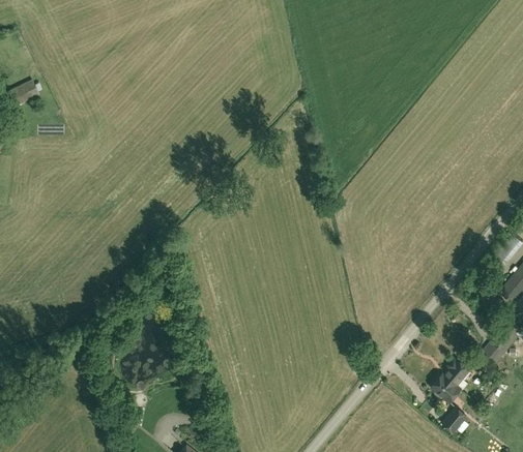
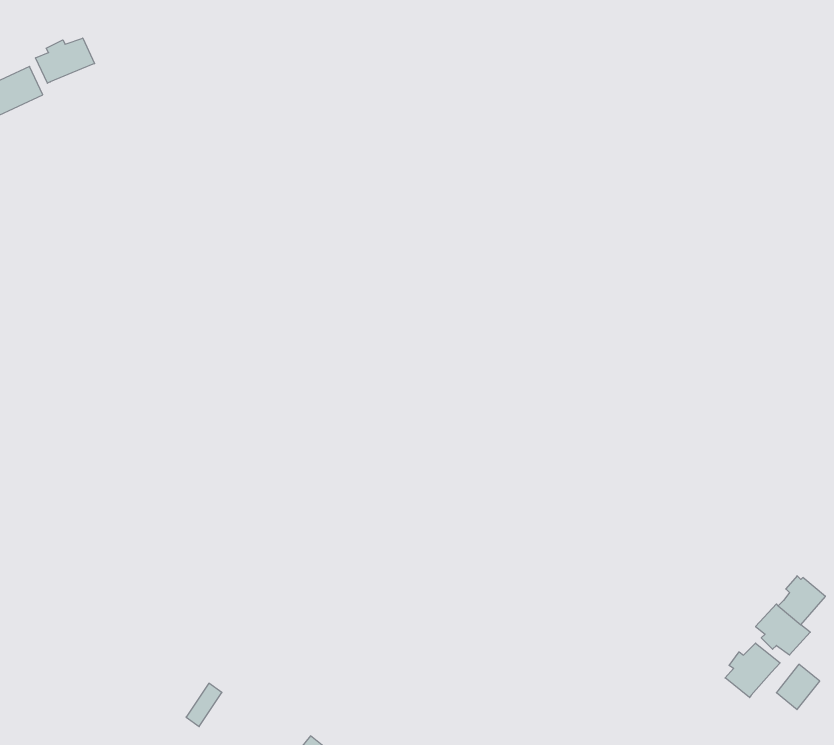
building: none -> [36,38,95,83]
building: none -> [725,643,780,698]

